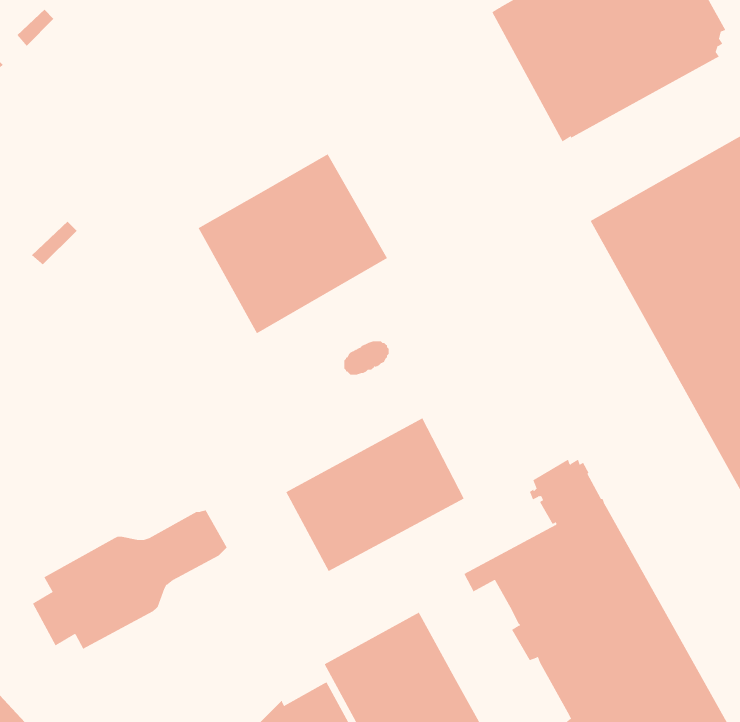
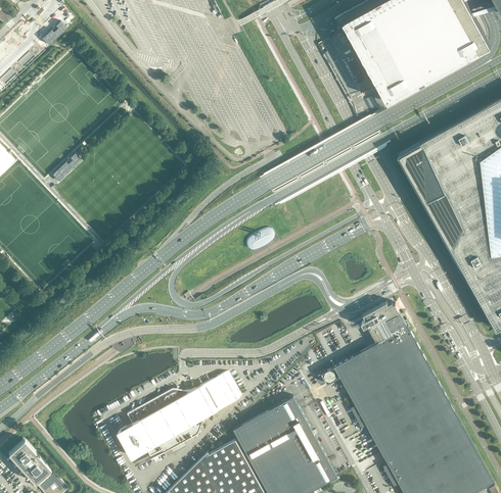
building: [198,154,388,334] -> none
building: [285,417,465,572] -> none
building: [32,510,228,649] -> [120,373,241,459]

